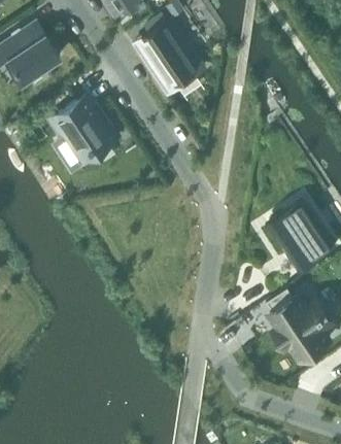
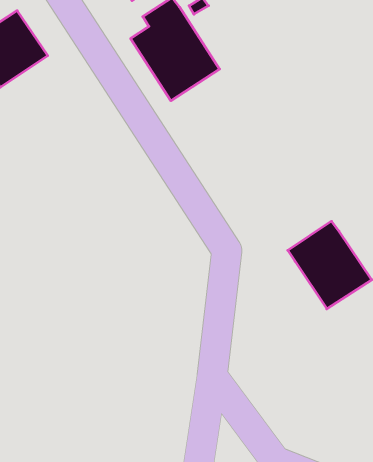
building: [50,96,116,166] -> none
building: [266,289,329,363] -> none

